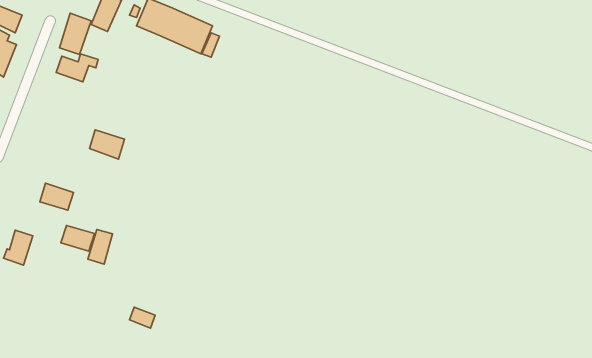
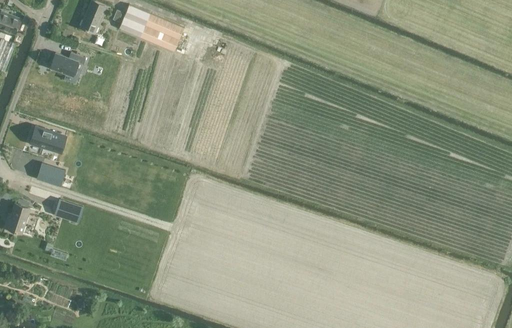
building: [60,13,91,54] -> none
building: [89,130,124,159] -> [33,129,63,154]
building: [88,230,113,264] -> none

